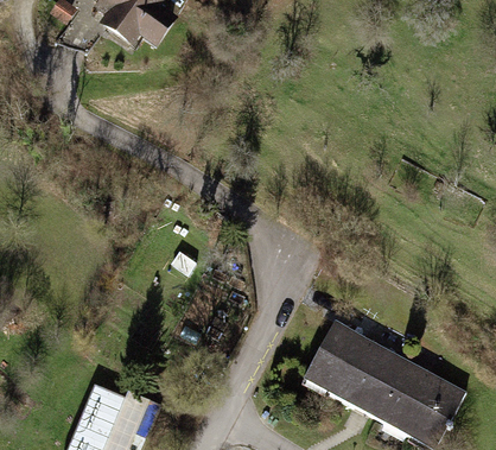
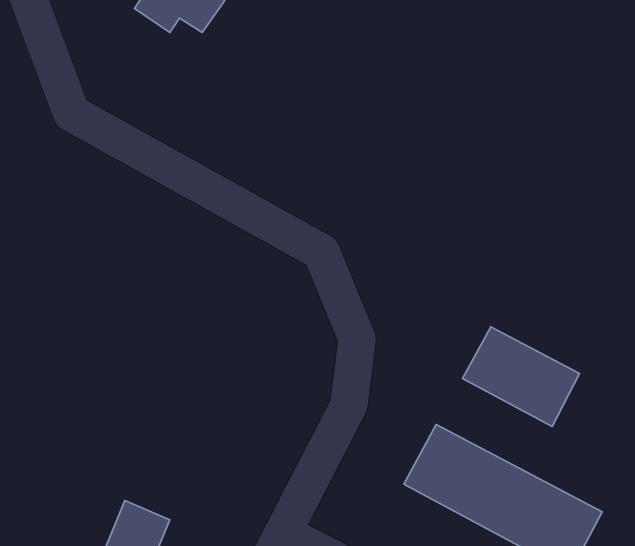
building: none -> [463,327,580,426]

